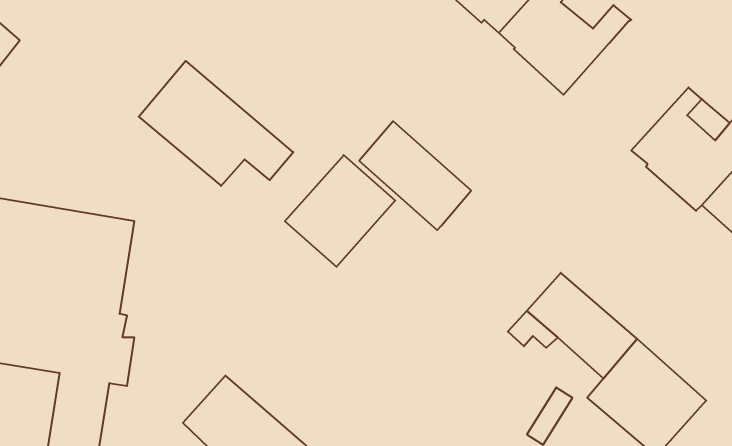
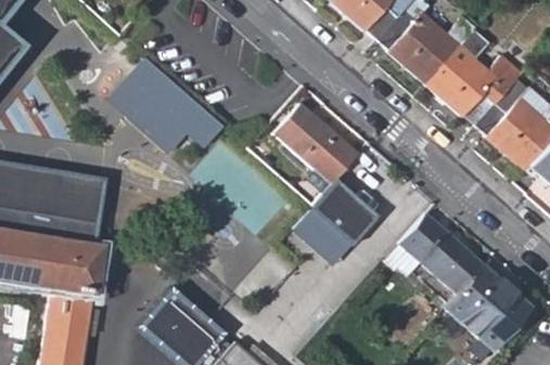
building: none -> [424,29,521,125]
building: [285,155,395,267] -> [296,181,378,263]

